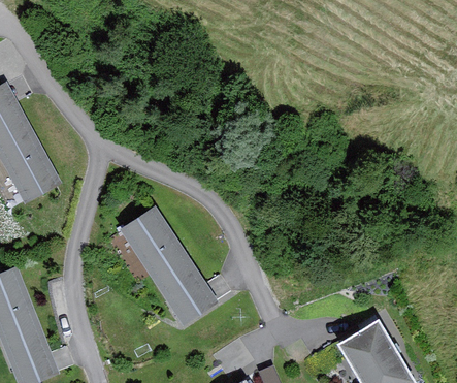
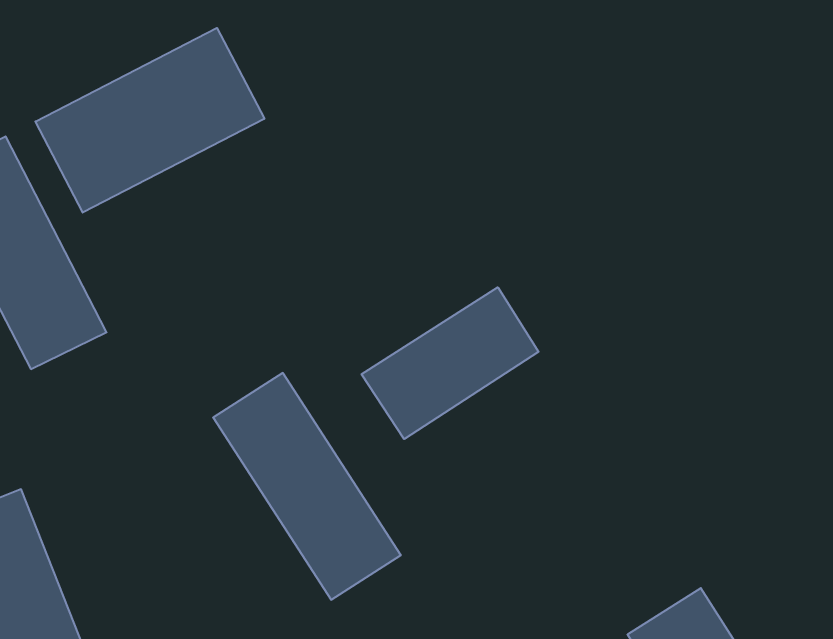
building: none -> [35,28,264,213]
building: none -> [362,287,539,439]

